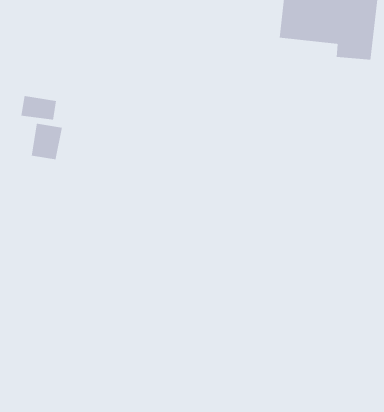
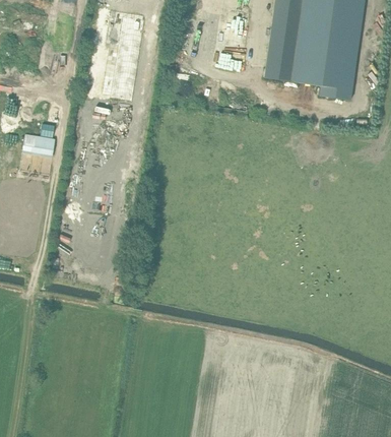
building: [31,123,63,160] -> none

